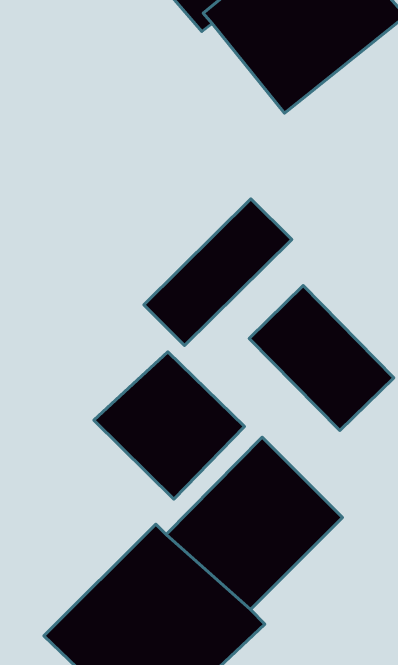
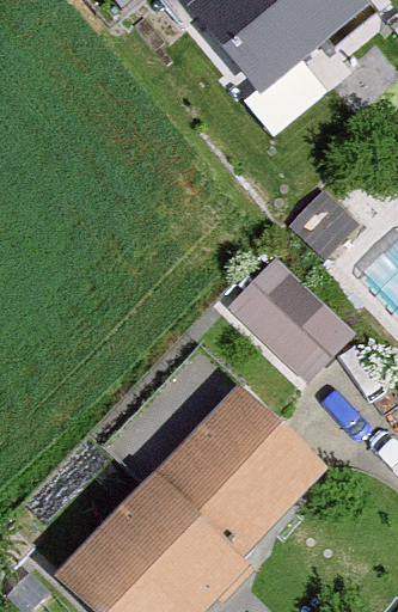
building: [144,199,292,345] -> none
building: [94,352,244,499] -> none

